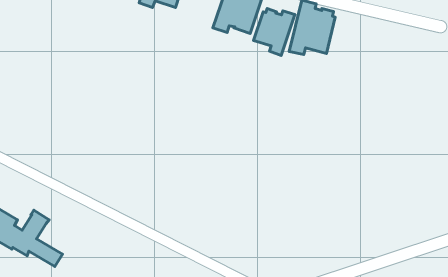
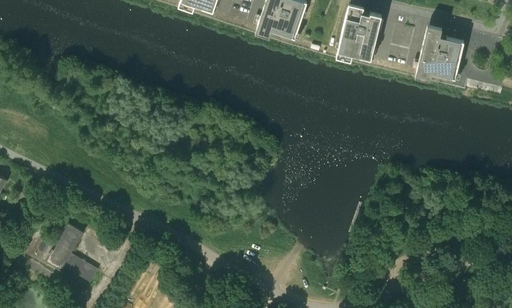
building: [254,9,295,56] -> none
building: none -> [417,24,464,79]

